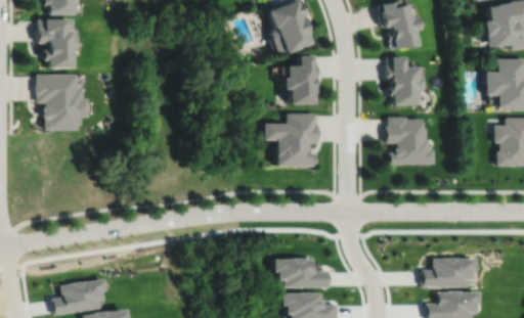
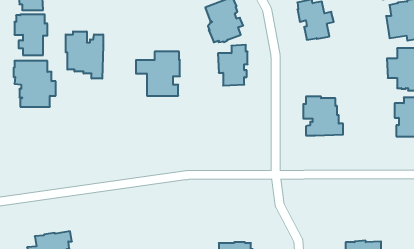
building: none -> [66,31,103,79]
building: [386,56,422,105] -> none
building: [265,113,318,167] -> [136,52,180,96]
building: [422,259,478,288] -> none
building: [276,260,331,288] -> none

